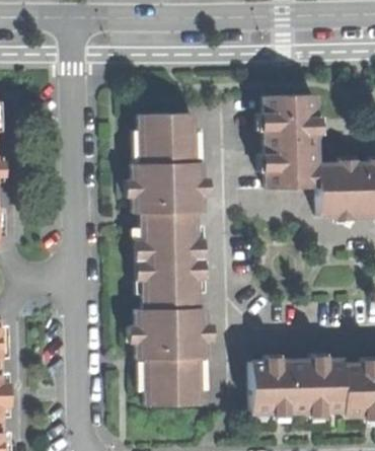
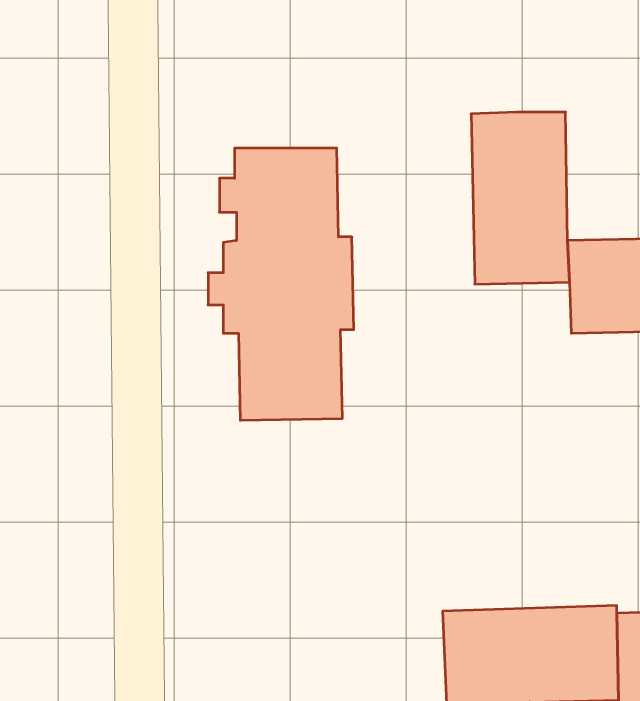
building: [128,260,206,407] -> none

